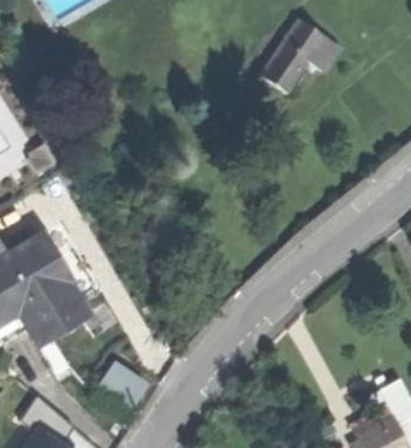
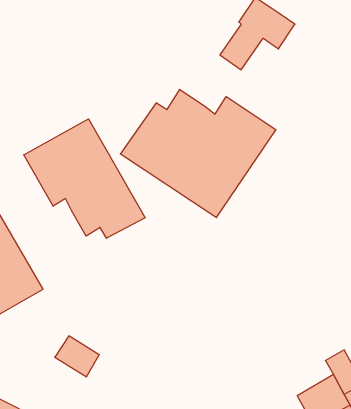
building: none -> [120,89,276,218]
building: none -> [24,119,145,238]

